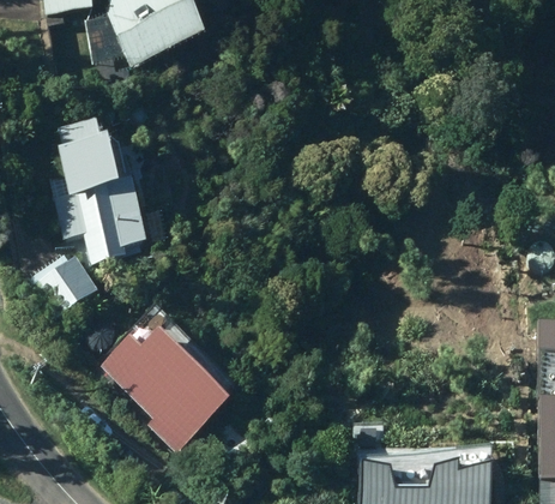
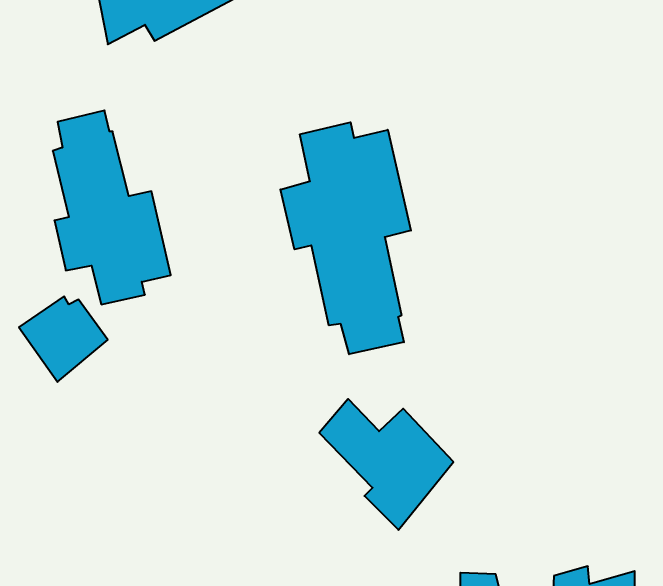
building: none -> [280,122,411,354]
building: [121,352,221,449] -> [319,399,453,530]

